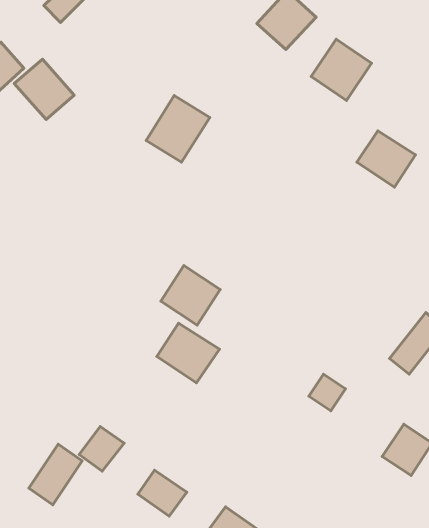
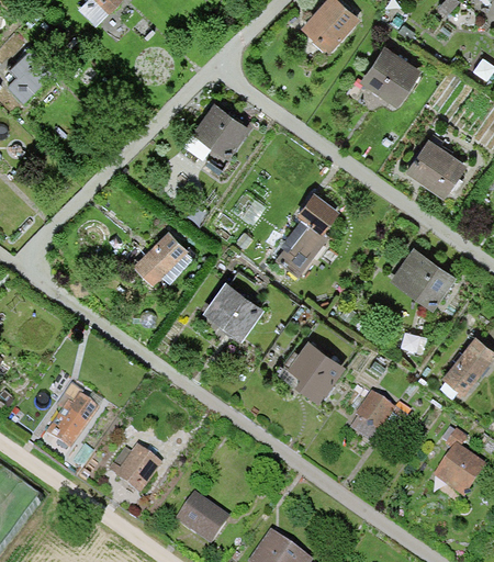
building: [14,59,74,119] -> none
building: none -> [277,192,338,272]
building: none -> [131,232,194,285]
building: none -> [386,247,453,312]
building: [157,323,219,383] -> [278,339,344,402]
building: [29,444,82,505] -> [42,392,98,456]

